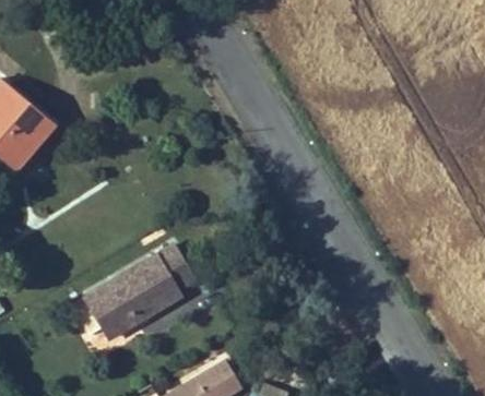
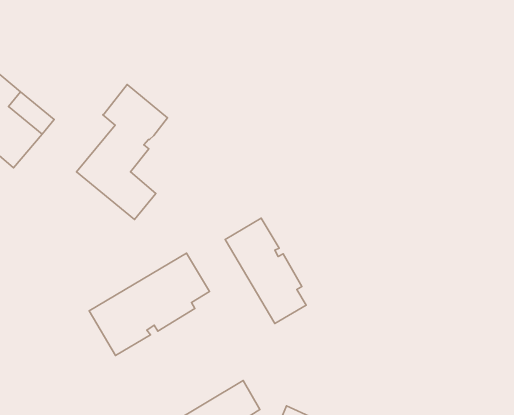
building: none -> [76,84,167,220]
building: none -> [225,218,306,323]

